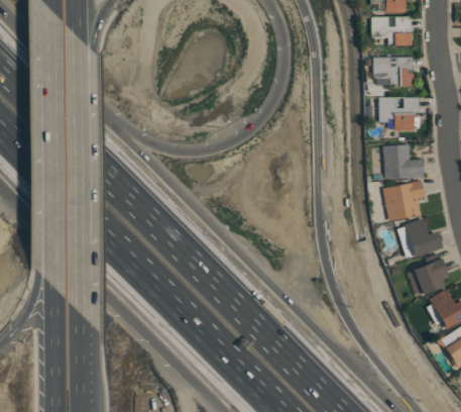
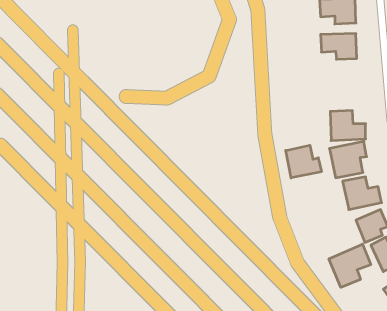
building: [379,97,419,130] -> none
building: none -> [286,145,321,178]
building: none -> [329,244,371,287]

